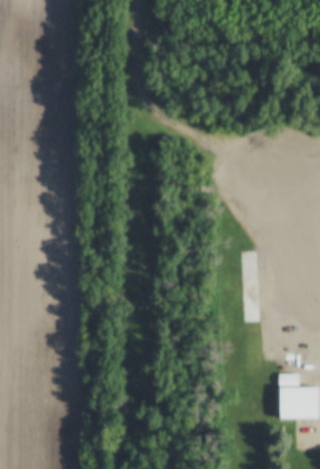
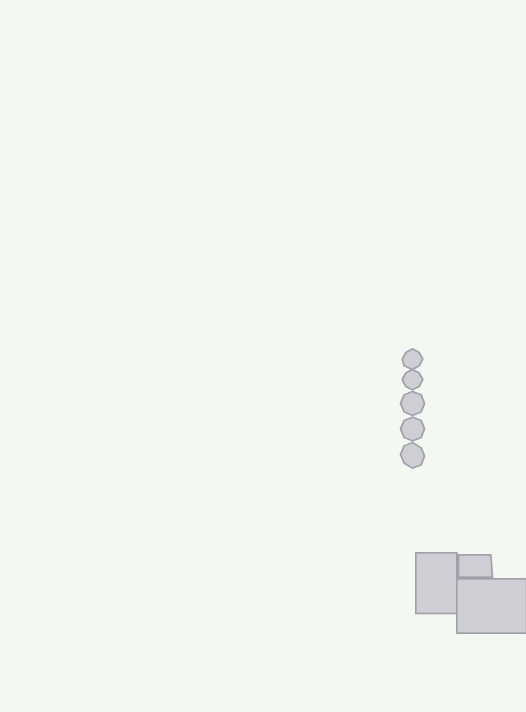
building: none -> [416,553,457,613]

